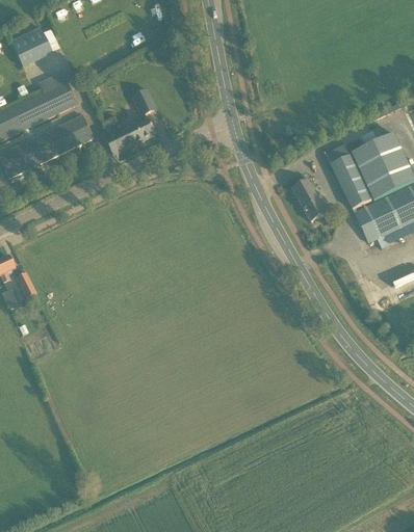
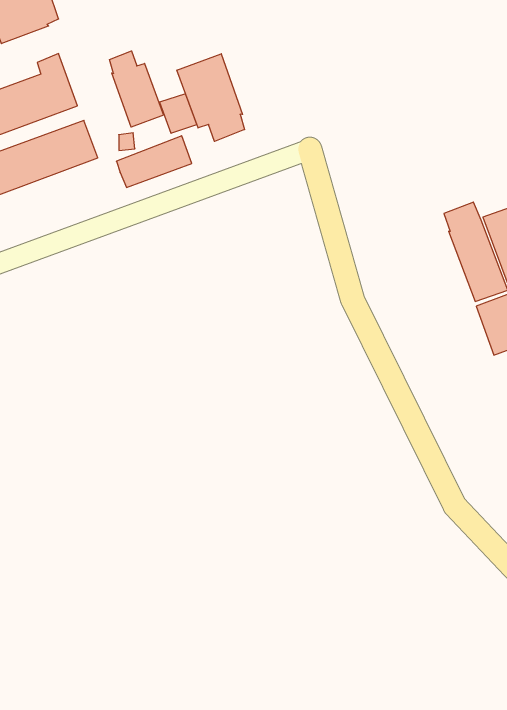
building: none -> [177,54,245,141]
building: none -> [109,51,164,127]
building: [292,180,327,221] -> none

